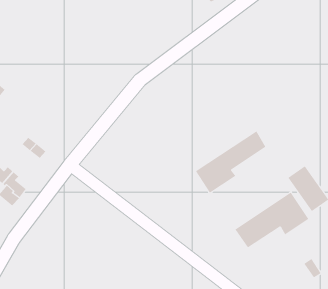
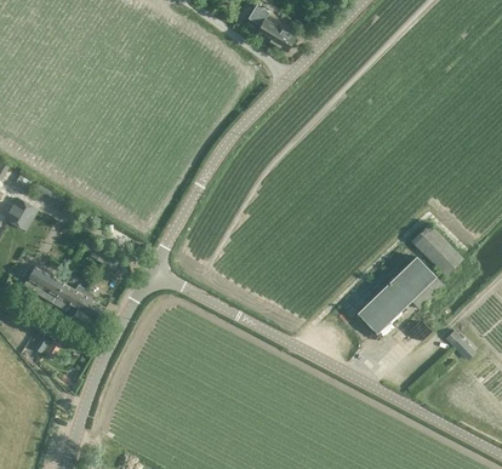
building: [195,131,266,194] -> none

